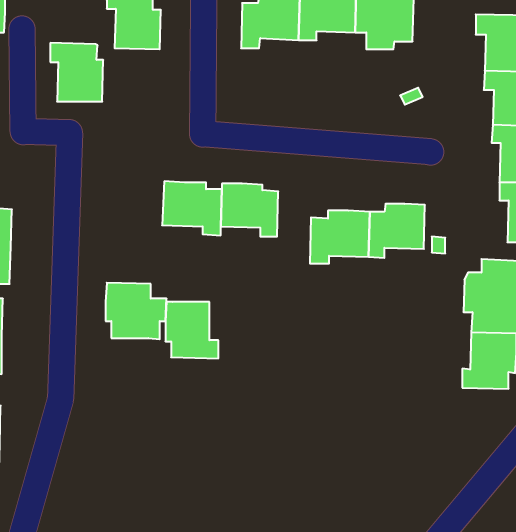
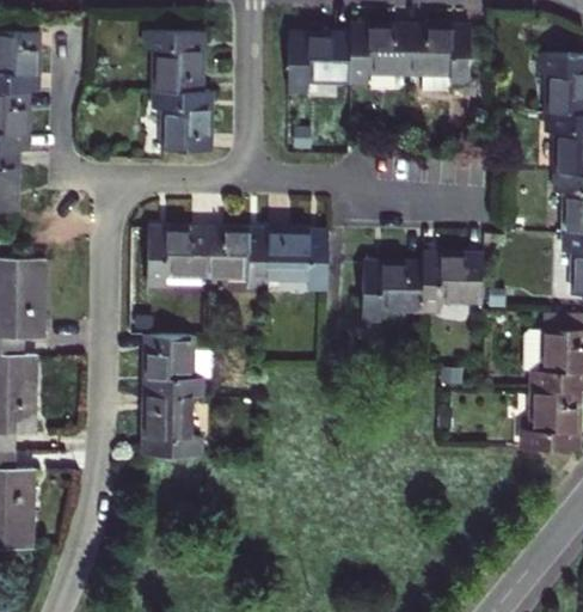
building: [50,43,103,102] -> [155,90,211,152]
building: none -> [146,230,208,287]
building: [165,302,218,358] -> [145,397,201,457]

